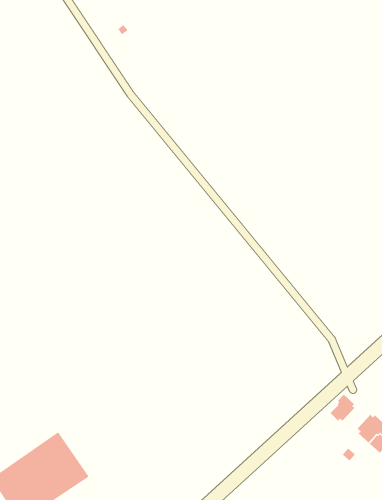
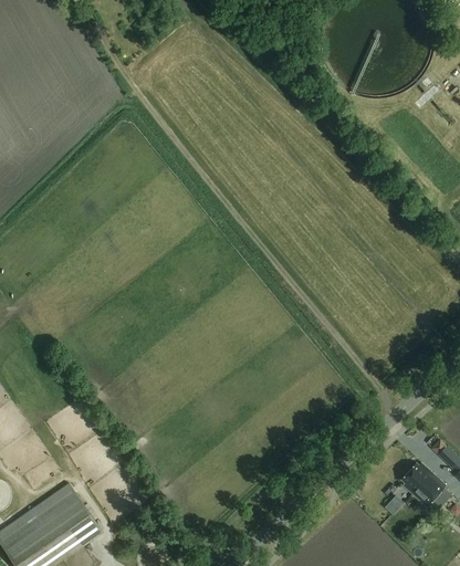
building: [330,394,356,422] -> none

